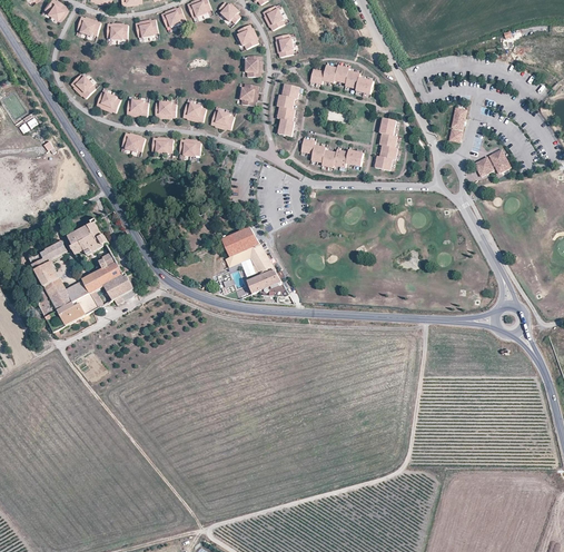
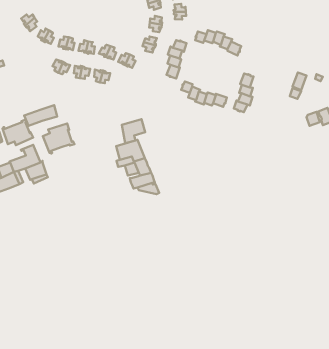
building: none -> [24,105,57,126]
building: none -> [122,119,145,143]
building: none -> [43,124,74,153]

